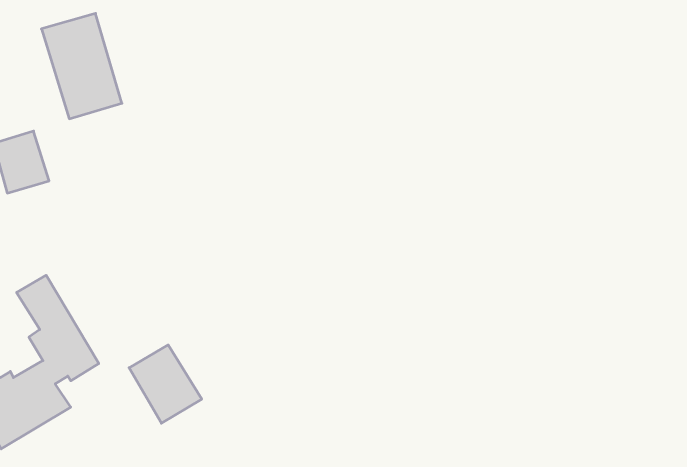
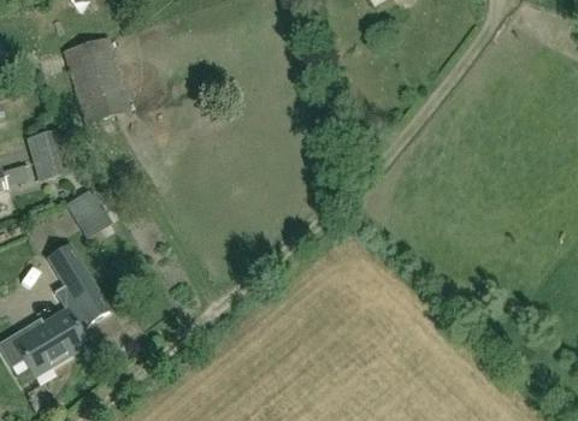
building: none -> [65,189,112,238]
building: [129,345,202,423] -> none

